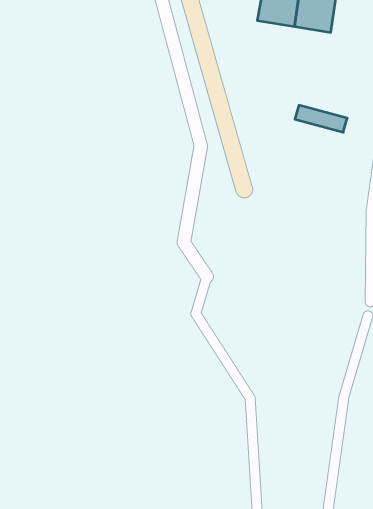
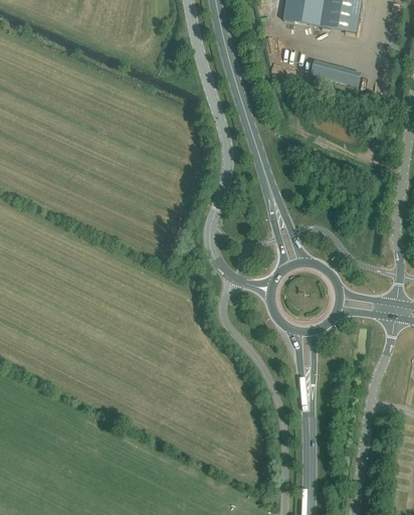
building: [295,105,347,132] -> [307,59,360,87]

